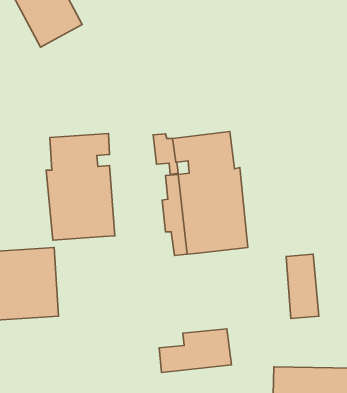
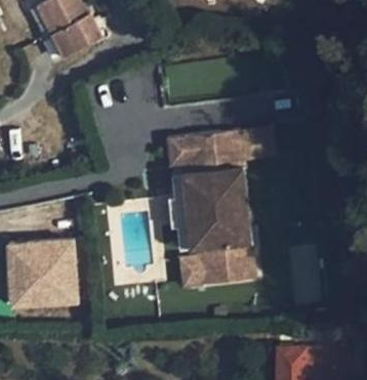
building: [46,133,115,240] -> none
building: [159,329,231,373] -> [184,243,249,283]

